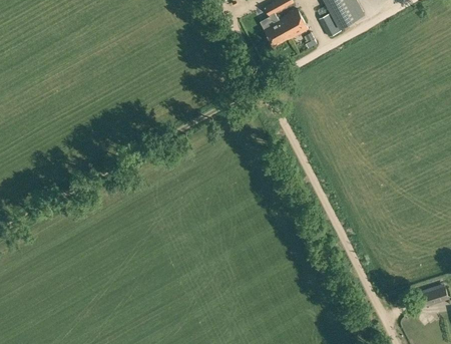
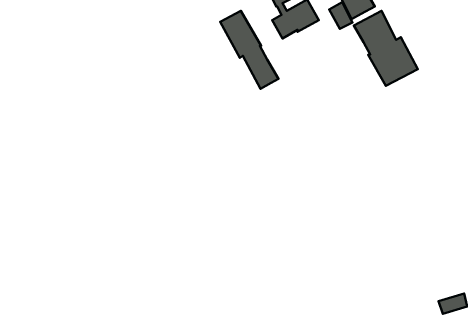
building: none -> [220,11,279,89]
building: none -> [354,11,418,86]

